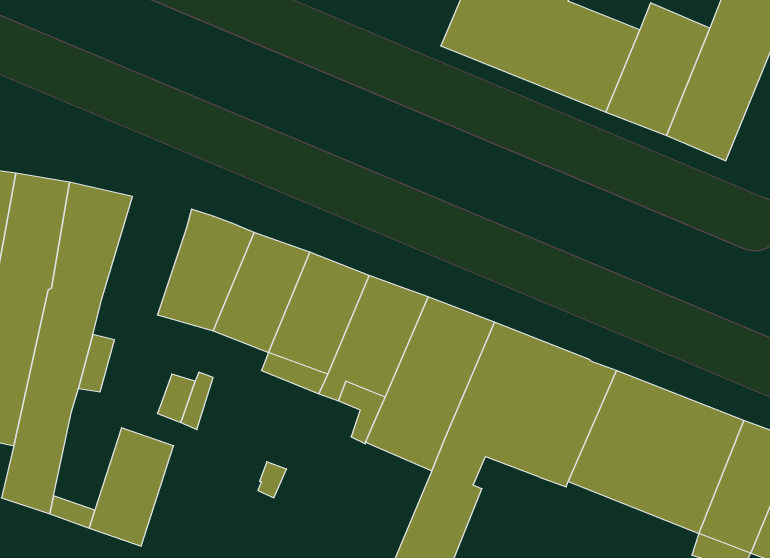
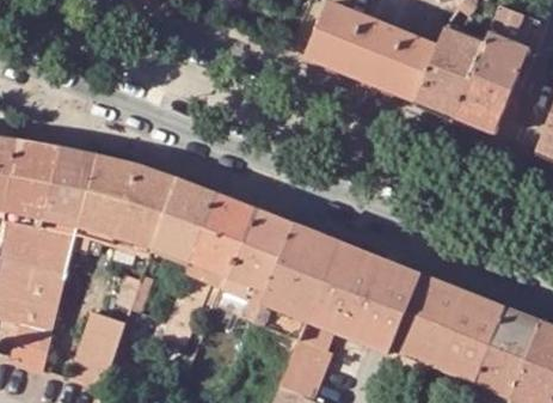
building: none -> [79,157,139,236]

